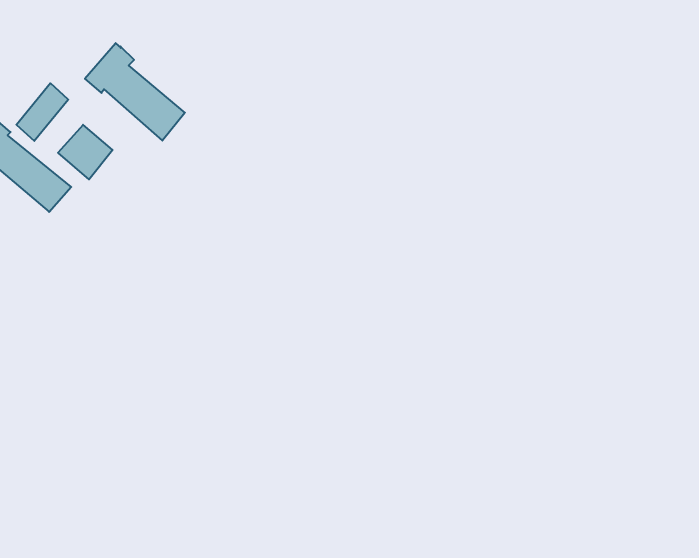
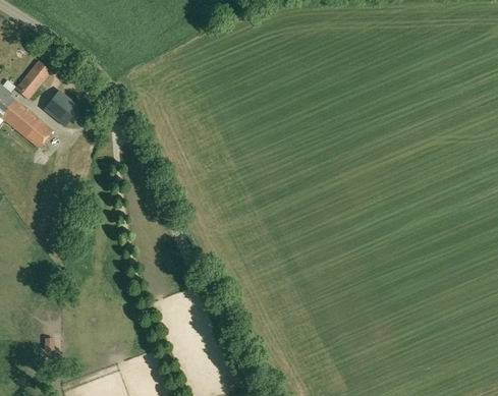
building: [85,43,185,141] -> none

